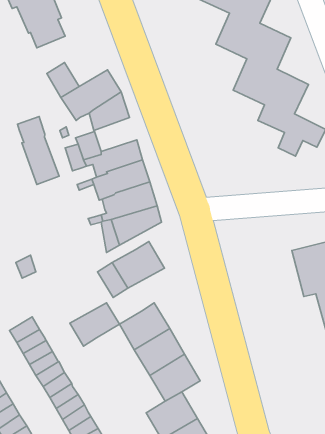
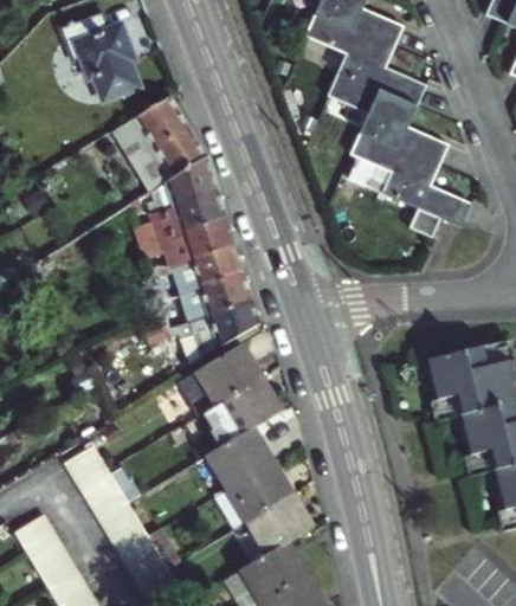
building: none -> [134,94,189,147]
building: [18,117,59,185] -> none
building: none -> [172,187,227,231]
building: [70,303,119,346] -> [215,381,279,437]

